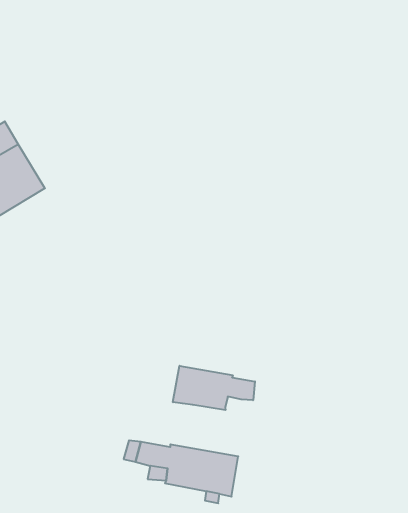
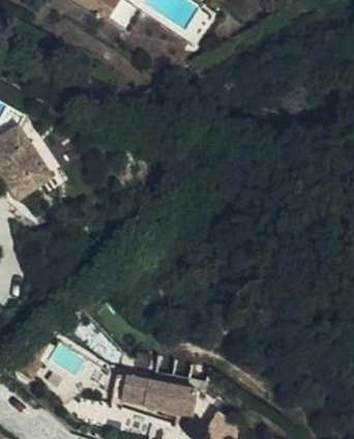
building: [173,366,255,410] -> none

